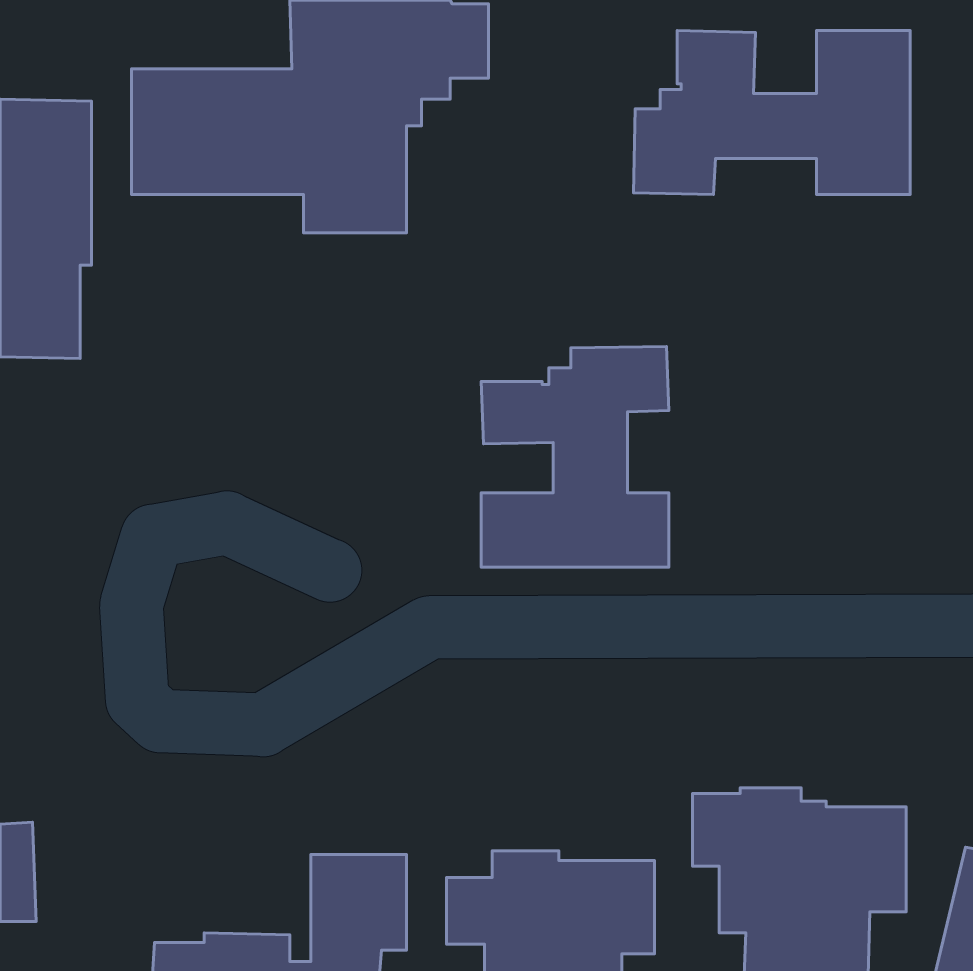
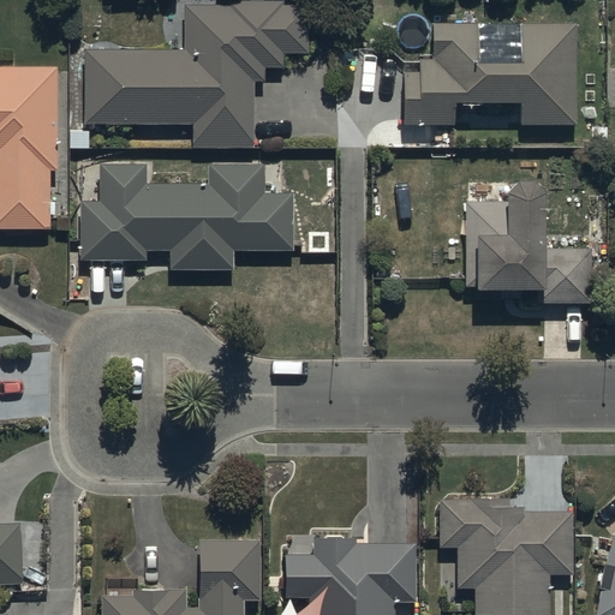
building: none -> [82,163,295,269]
building: none -> [462,180,589,303]
building: [481,346,669,567] -> none

